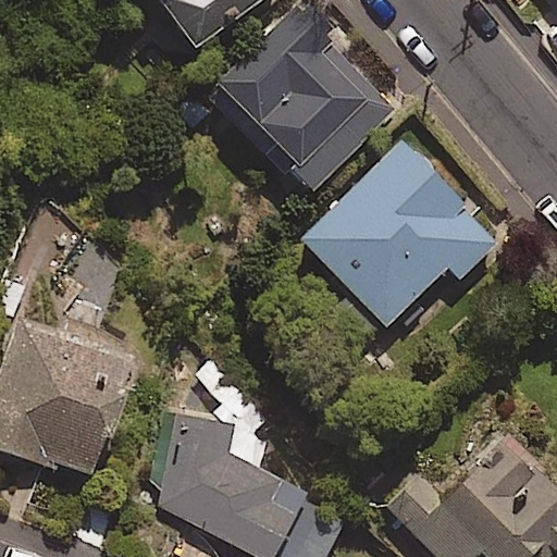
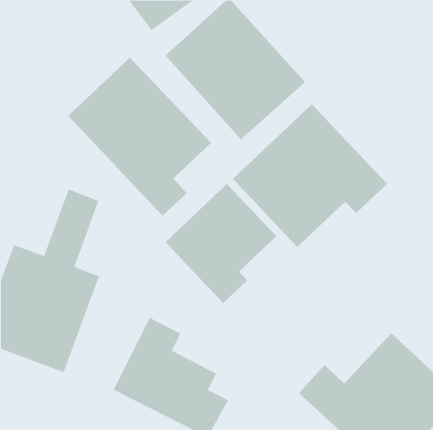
building: none -> [67,57,212,217]
building: none -> [165,183,277,304]

